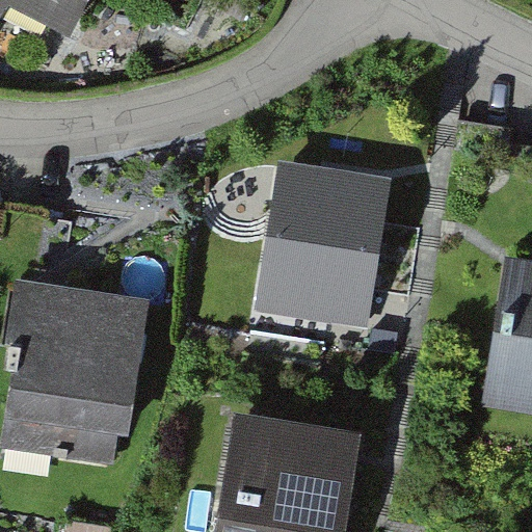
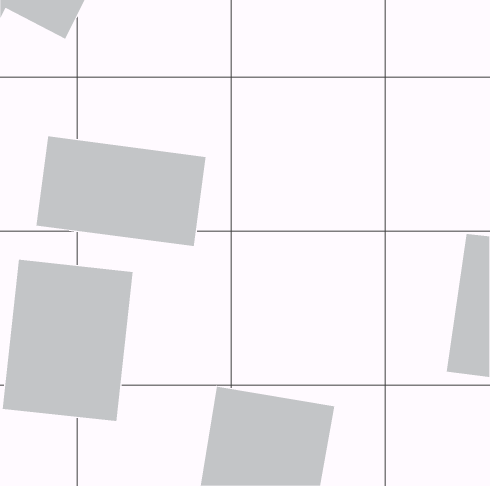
building: none -> [36,136,206,247]
building: [260,162,388,327] -> none

